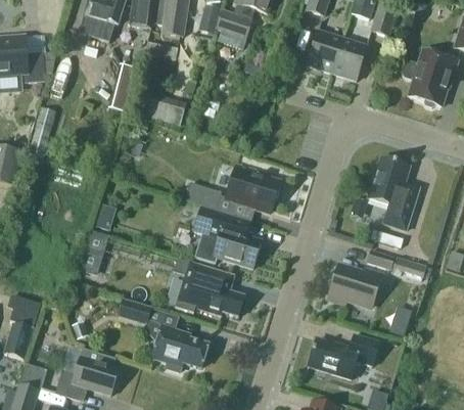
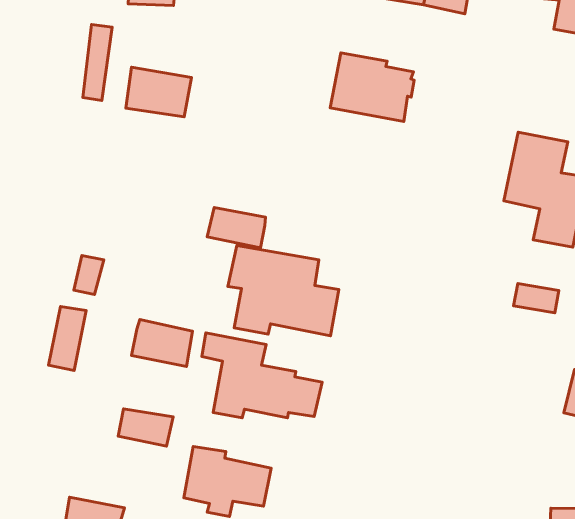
building: [226,166,279,212] -> [330,53,414,122]
building: none -> [131,319,193,366]
building: [328,265,381,306] -> none
building: [308,334,379,378] -> none

